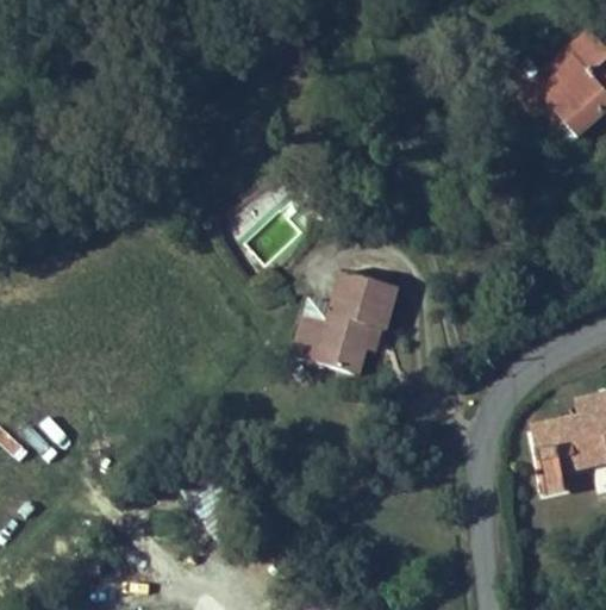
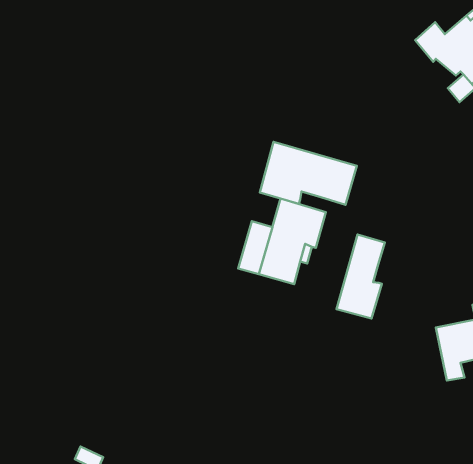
building: none -> [260,142,357,205]
building: none -> [336,235,385,318]

